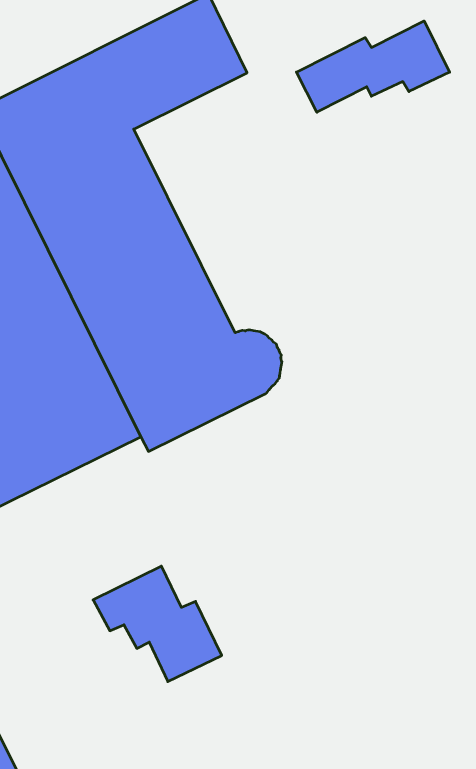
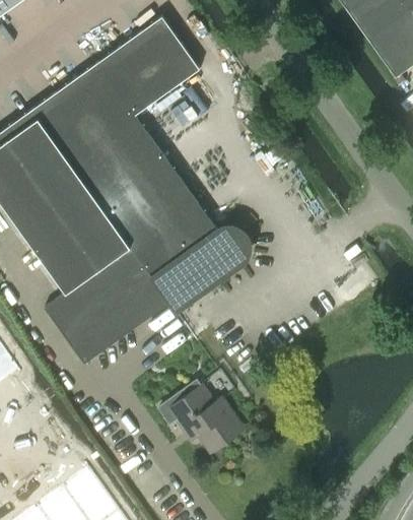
building: [296,21,450,112] -> none

